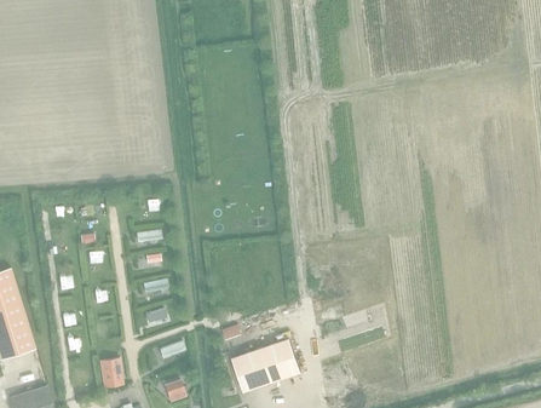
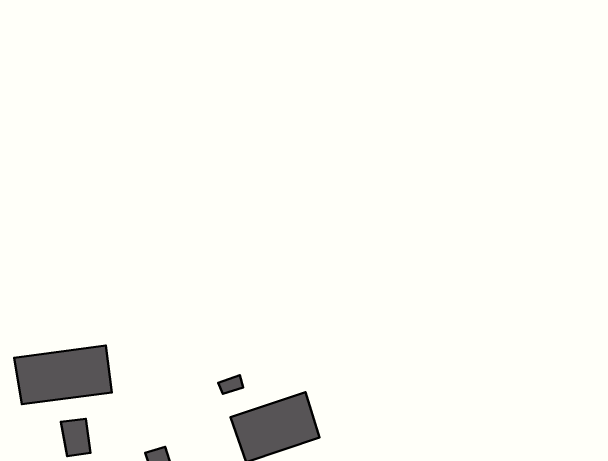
building: none -> [14,345,112,404]

